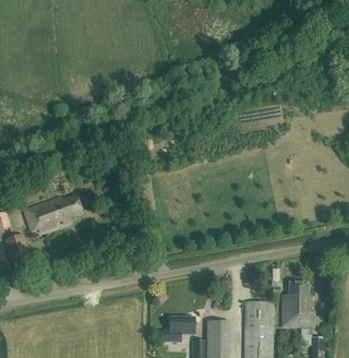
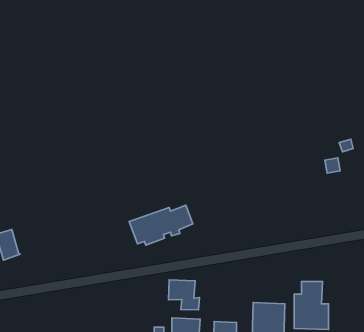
building: [24,194,83,231] -> [129,205,193,245]
building: none -> [169,280,199,310]

